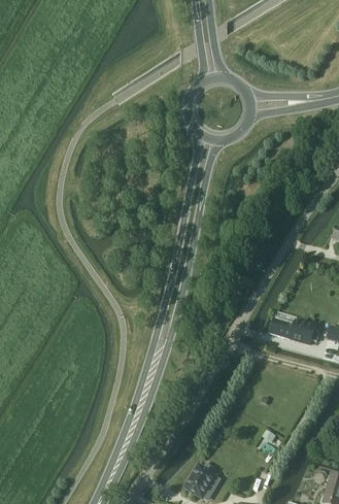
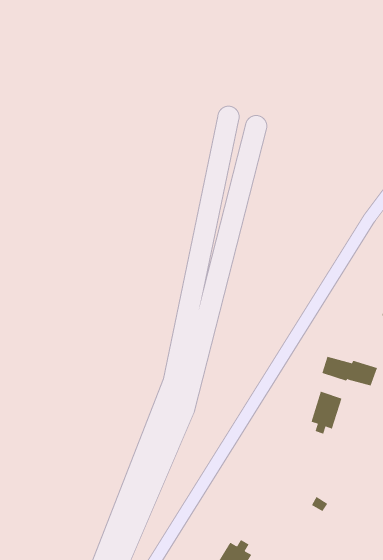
building: none -> [311,391,342,435]

